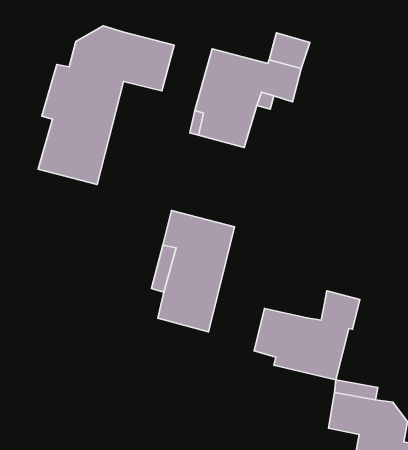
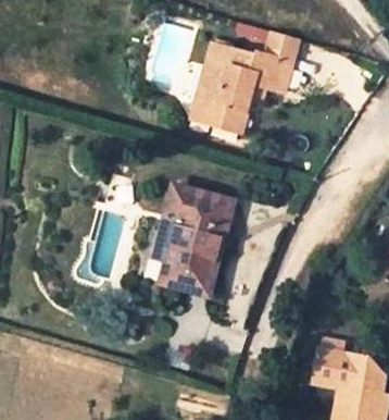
building: [38,26,174,185] -> none
building: [254,291,360,380] -> none

